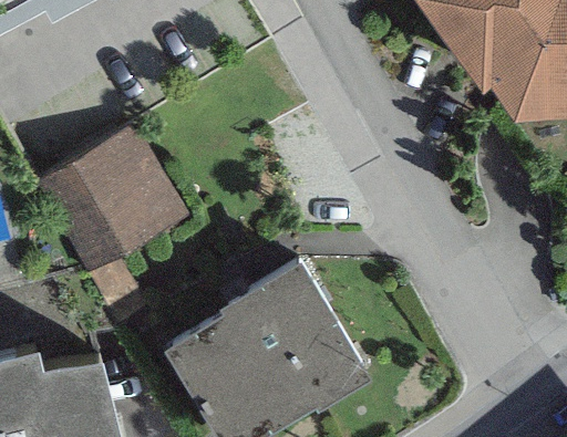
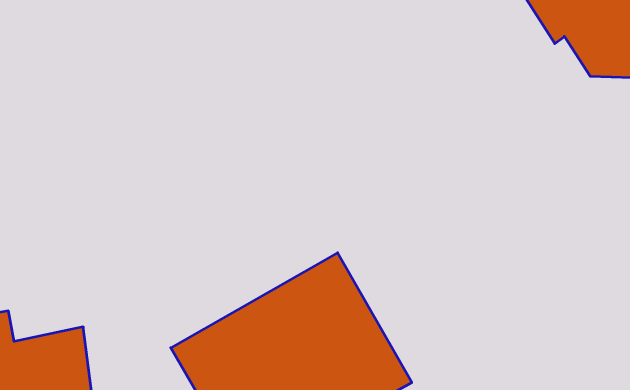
building: [50,146,175,270] -> none

